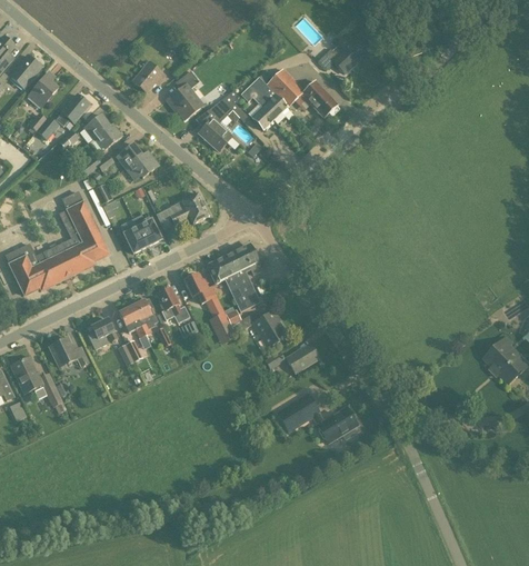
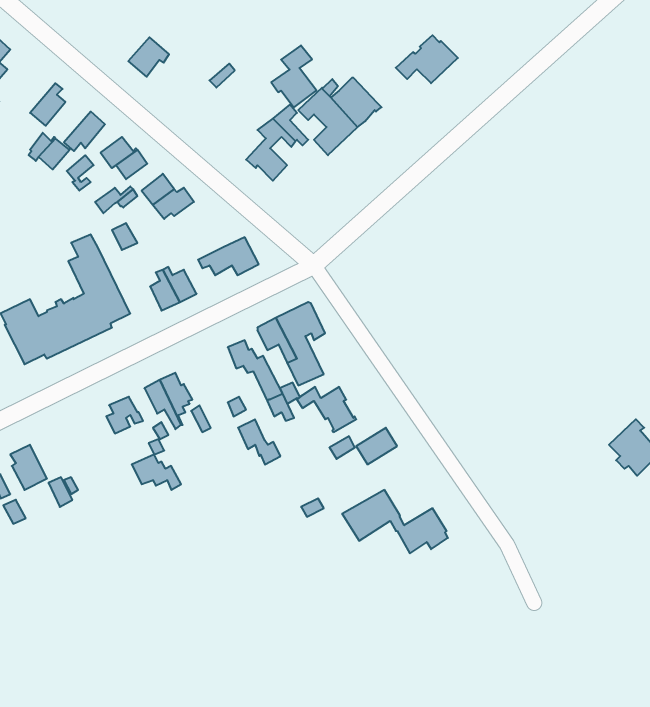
building: [10,56,41,88] -> none
building: [132,61,164,92] -> [128,37,169,77]
building: [167,70,202,119] -> [271,45,316,108]
building: [301,81,337,118] -> none
building: [157,287,190,322] -> [238,419,280,465]
building: [49,338,88,366] -> [132,455,181,490]

